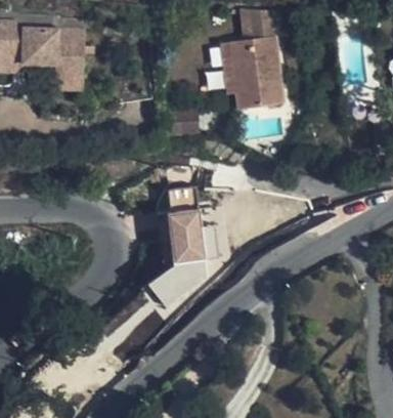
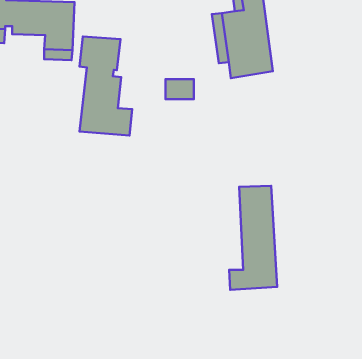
building: none -> [80,36,132,135]
building: [156,189,205,295] -> [229,186,277,290]

